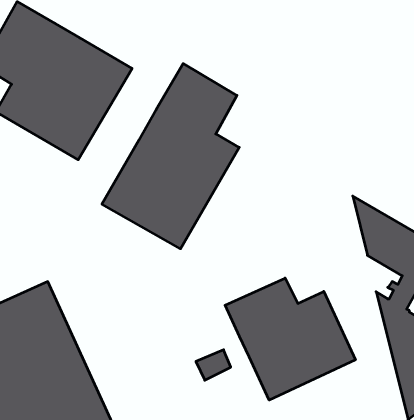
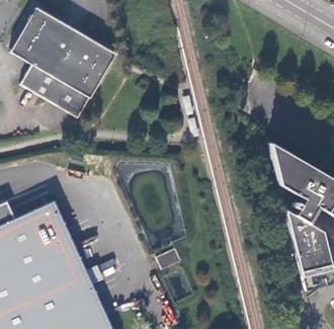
building: [102,64,239,249] -> none
building: [225,278,355,400] -> none

